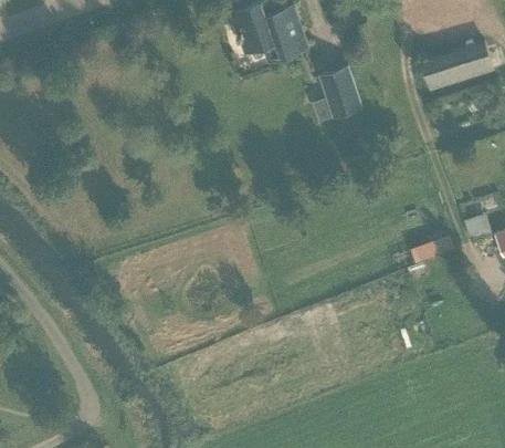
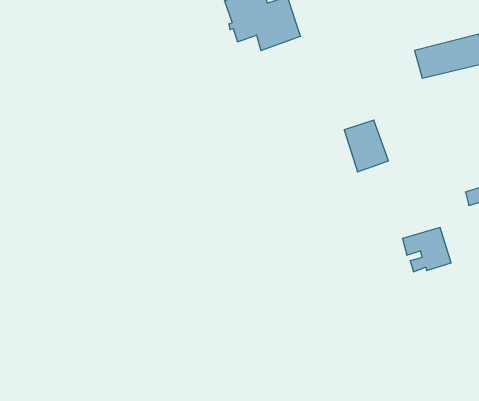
building: [320,65,365,117] -> [344,120,388,172]

